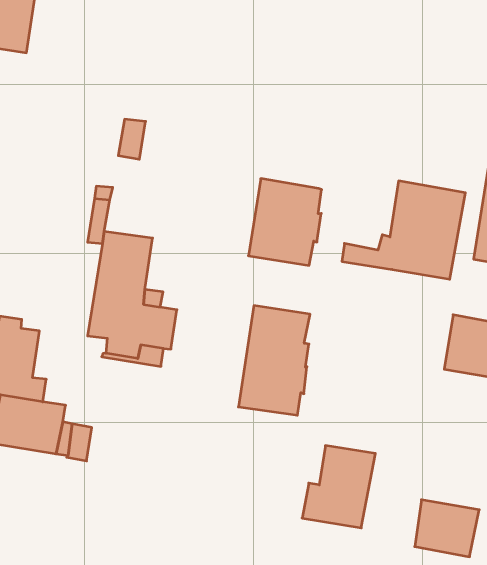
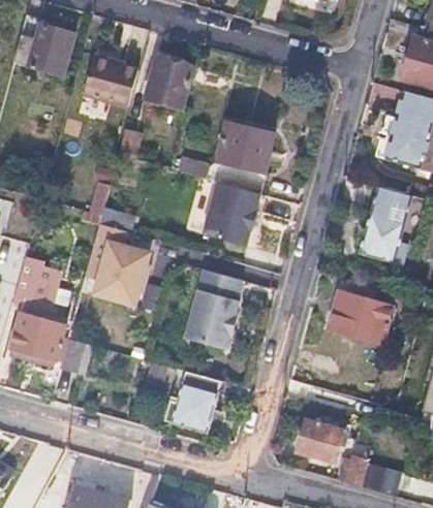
building: none -> [147,56,197,112]
building: none -> [84,55,140,107]
building: [342,181,465,279] -> [183,121,274,193]
building: [302,446,375,528] -> [162,372,218,432]

